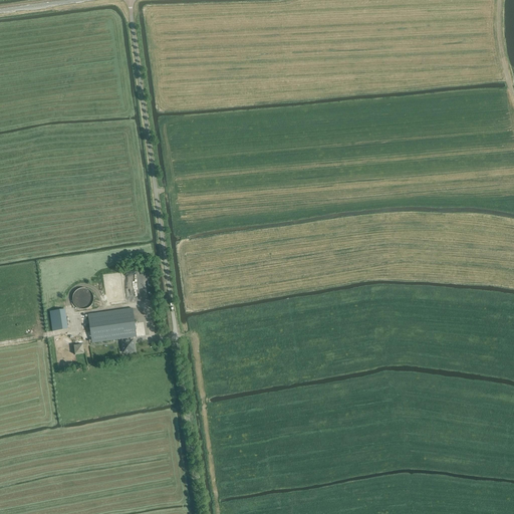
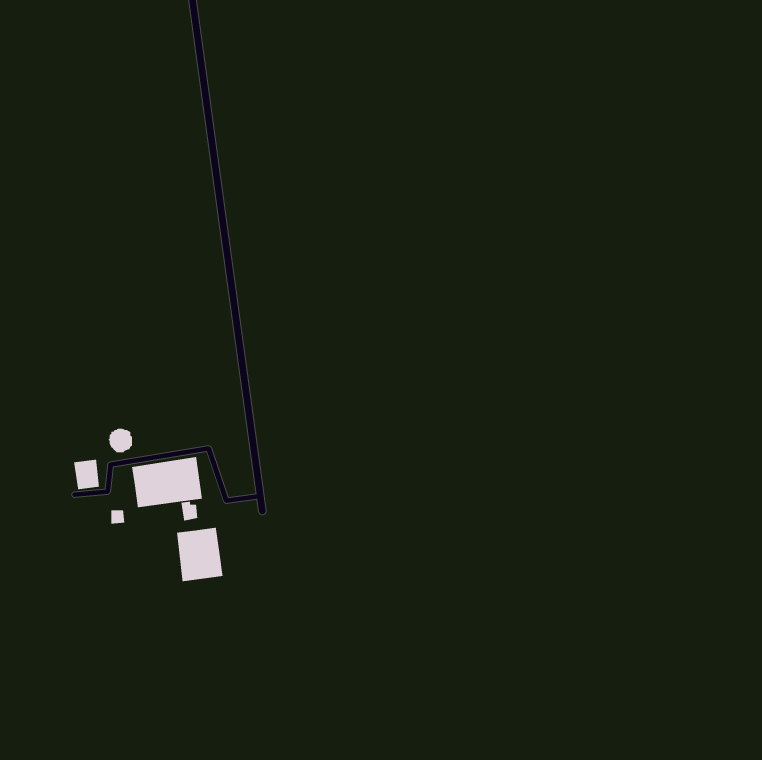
building: none -> [176,527,224,582]

